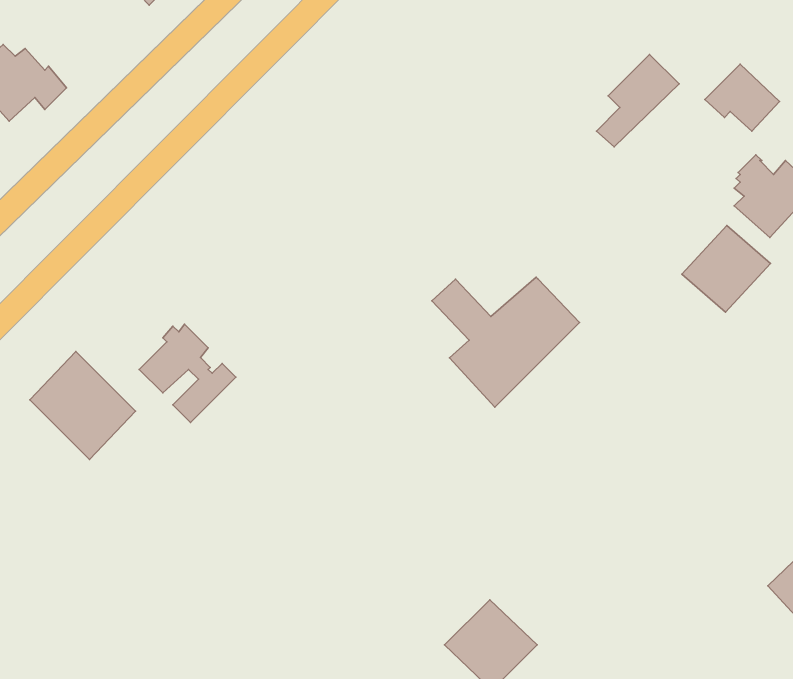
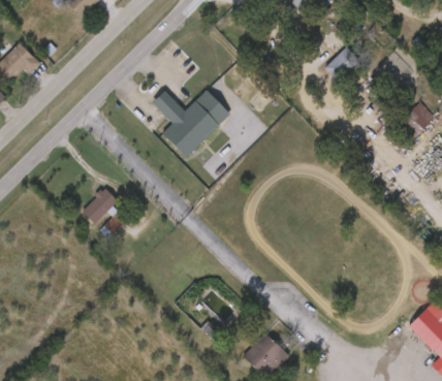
building: [682,225,770,312] -> none
building: [432,277,580,407] -> [153,89,230,157]
building: [30,351,136,460] -> none

